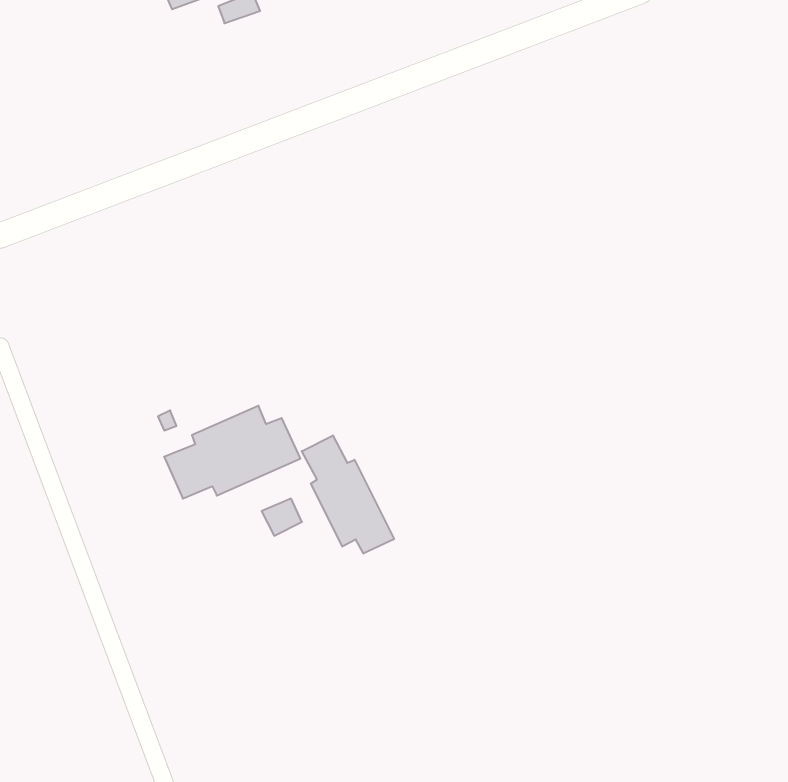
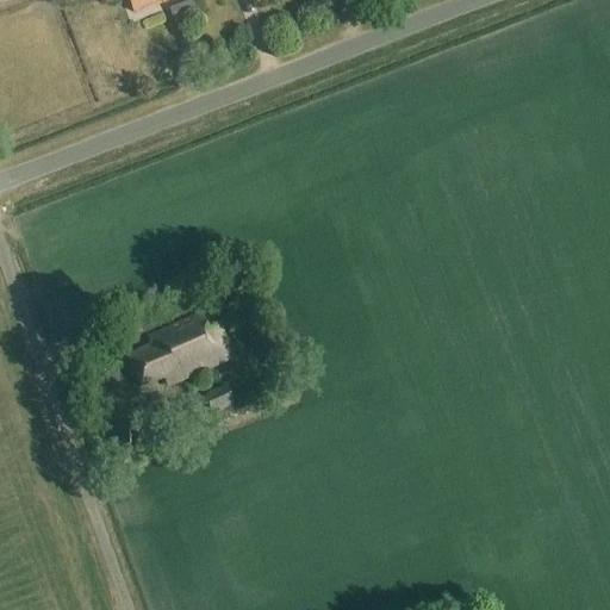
building: [302,435,394,554] -> none

